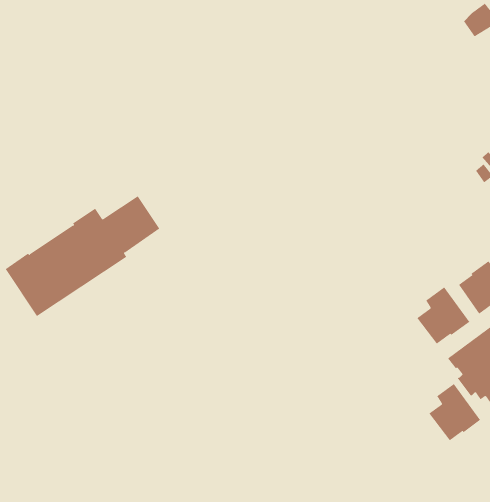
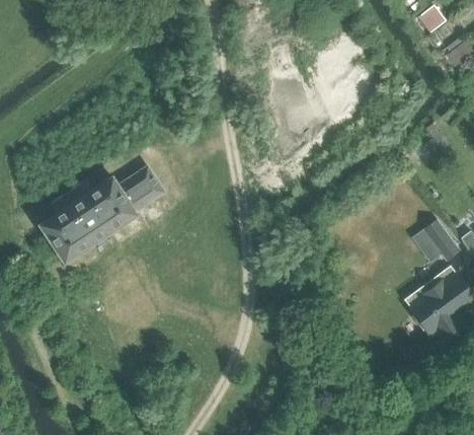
building: [416,286,470,345] -> none
building: [429,383,481,441] -> none

